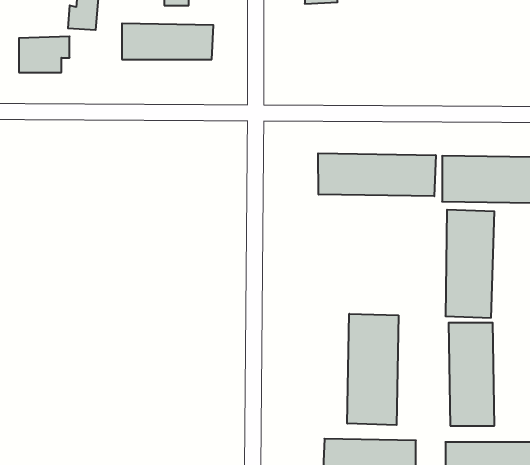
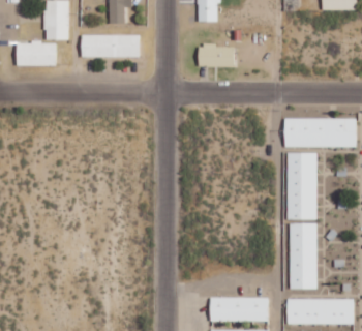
building: none -> [197,44,234,66]
building: [318,153,436,196] -> none
building: [347,314,398,425] -> none

